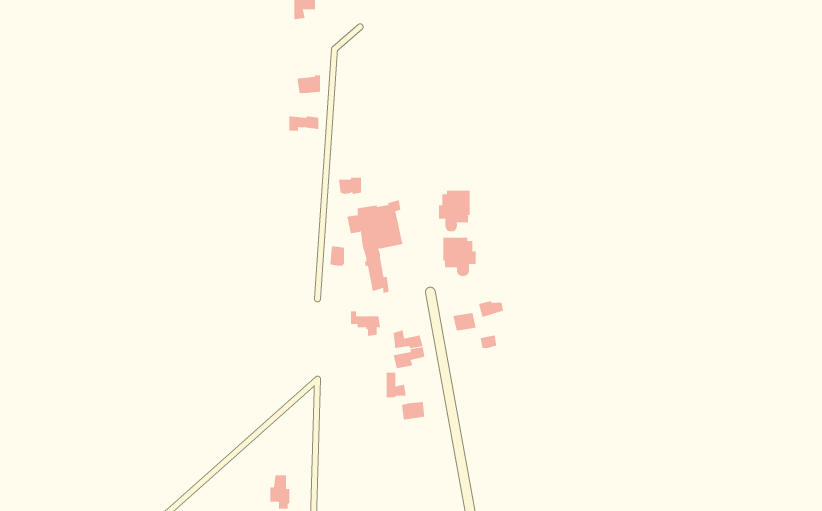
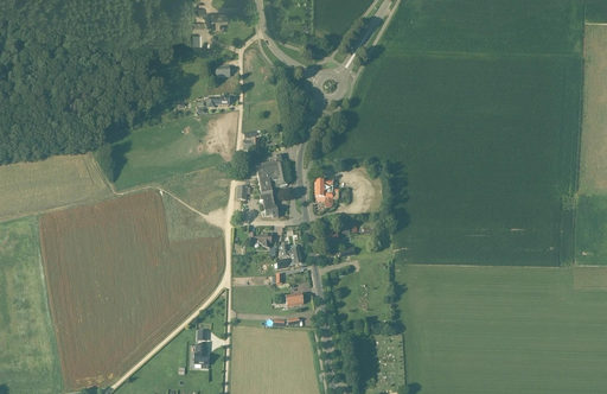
building: [439,190,470,232] -> none

